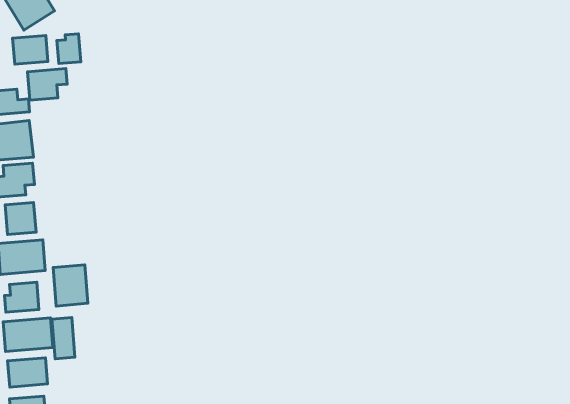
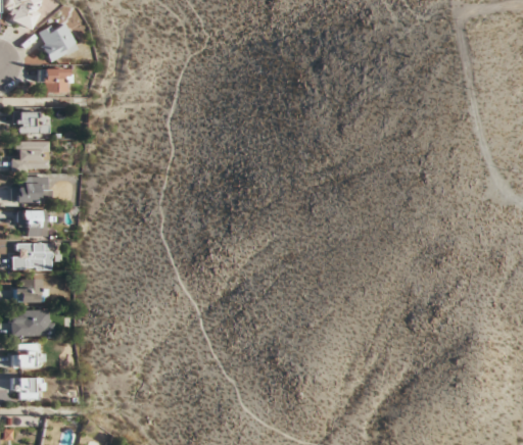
building: [57,34,81,64] -> none
building: [28,69,67,100] -> none
building: [53,265,88,306] -> none
building: [52,318,75,359] -> none

